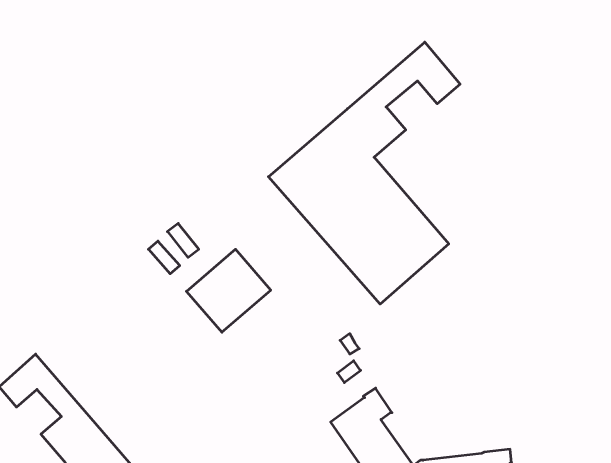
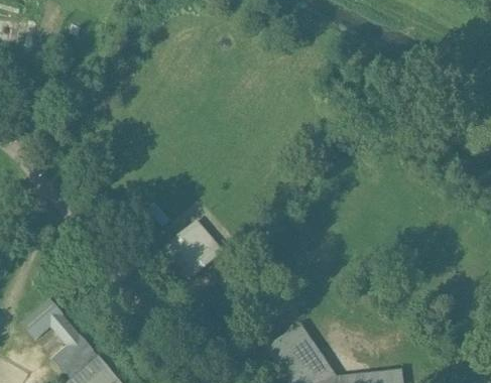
building: [268,42,460,304] -> none

